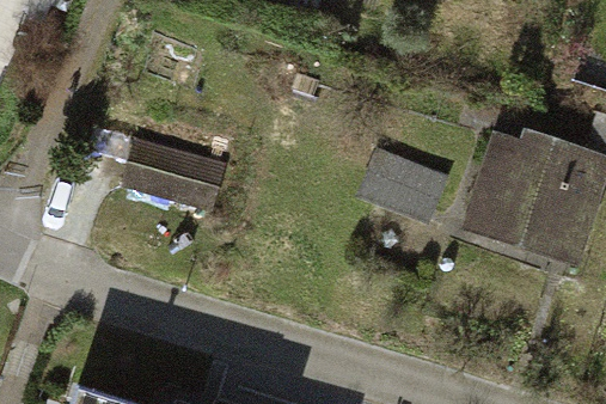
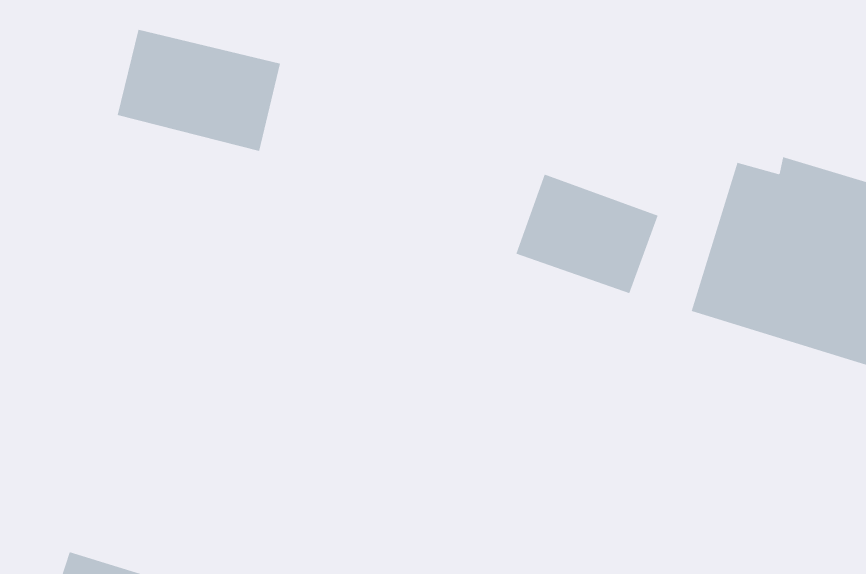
building: [122,136,225,213] -> [117,29,281,151]

